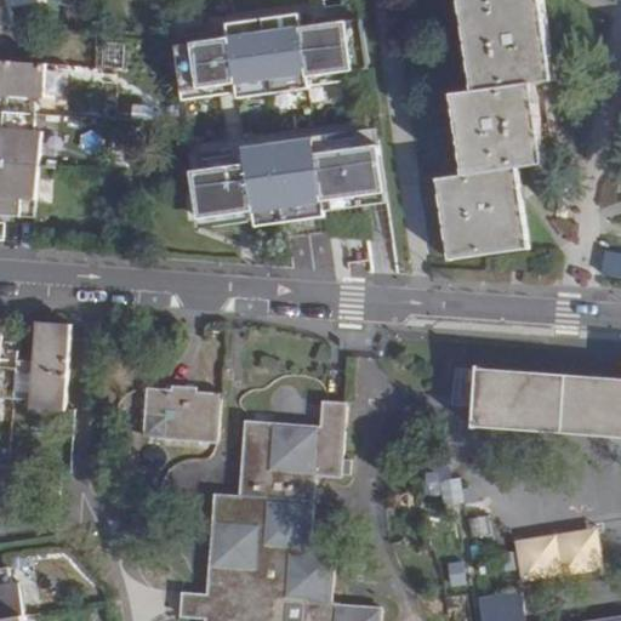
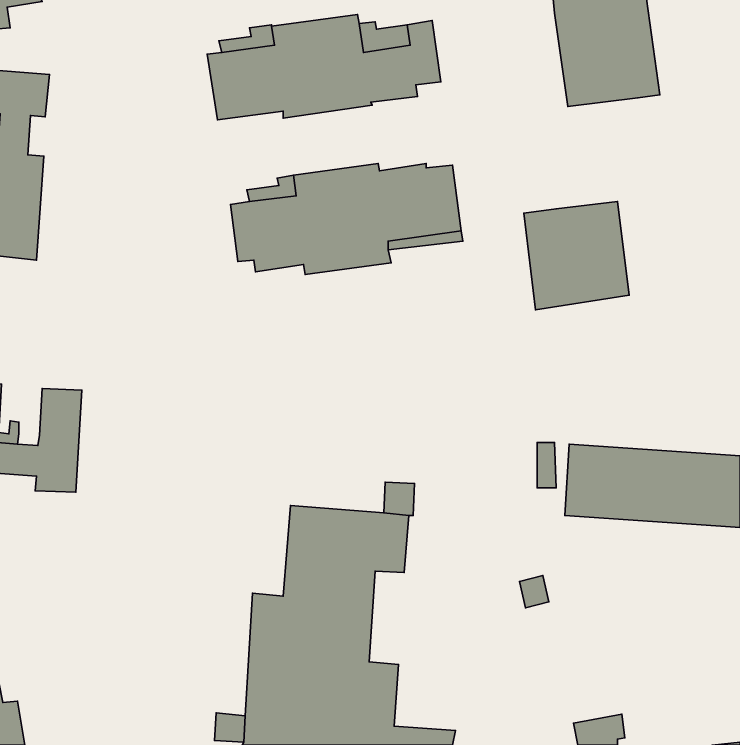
building: [451,81,541,173] -> none
building: [139,386,217,443] -> none
building: [508,529,597,580] -> none

